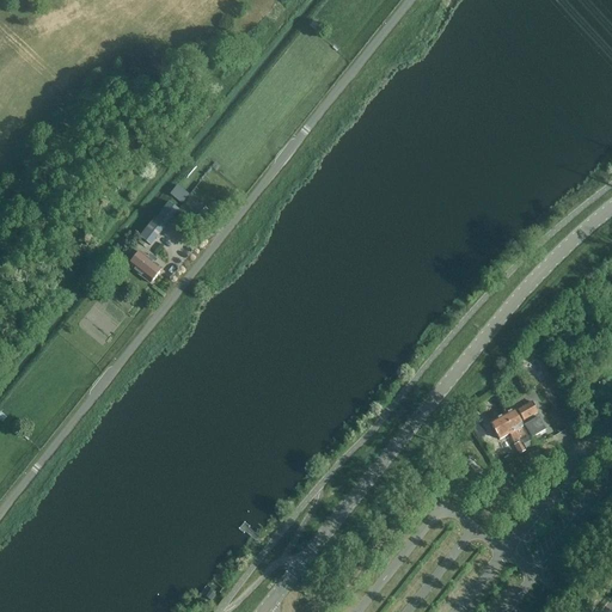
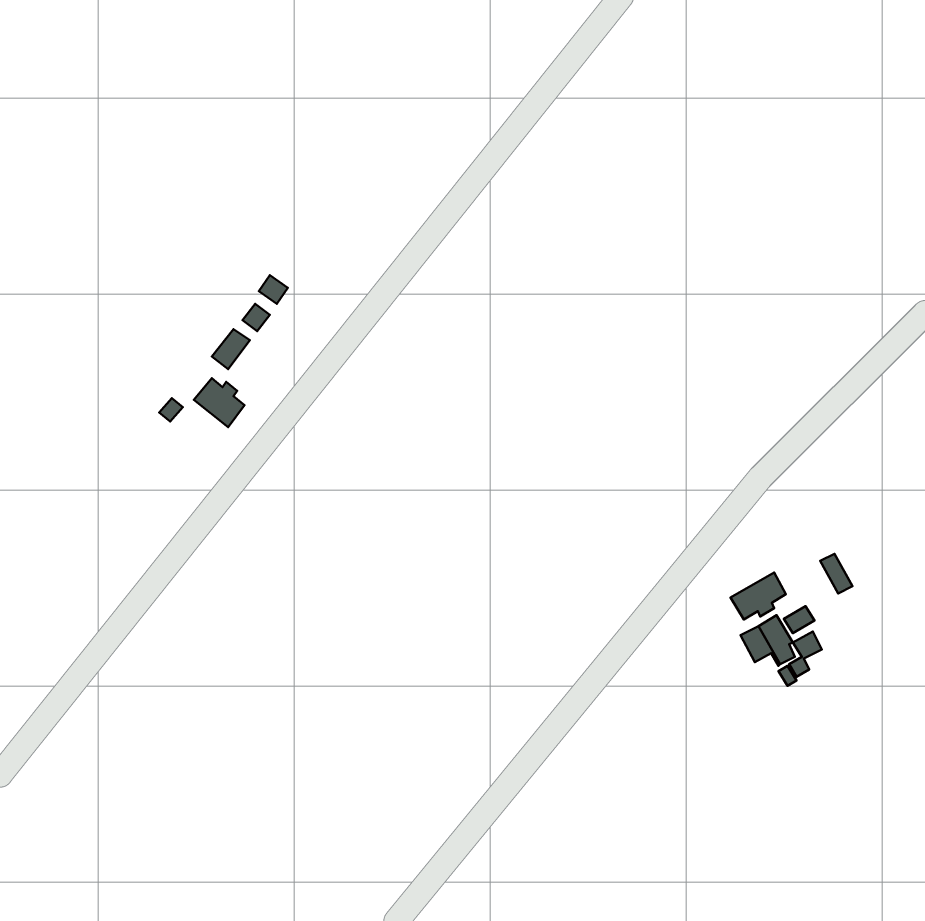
building: none -> [730,573,786,619]

